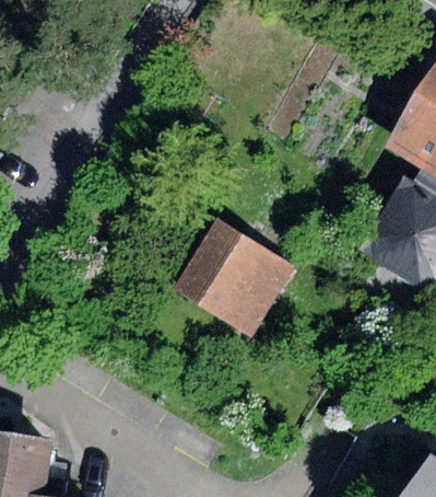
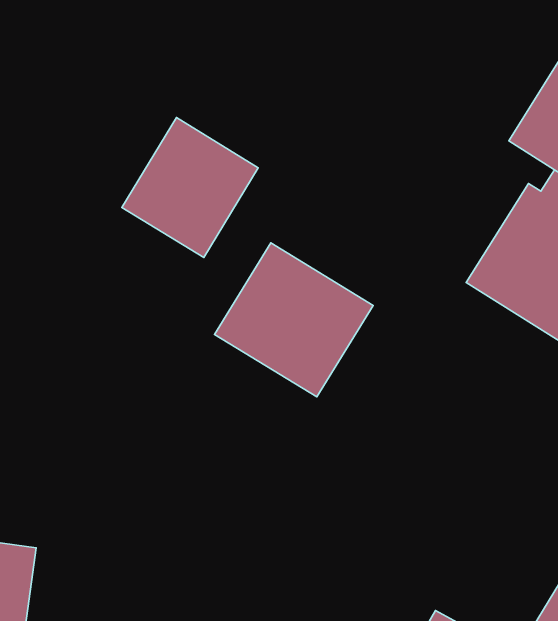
building: none -> [122,118,258,258]

